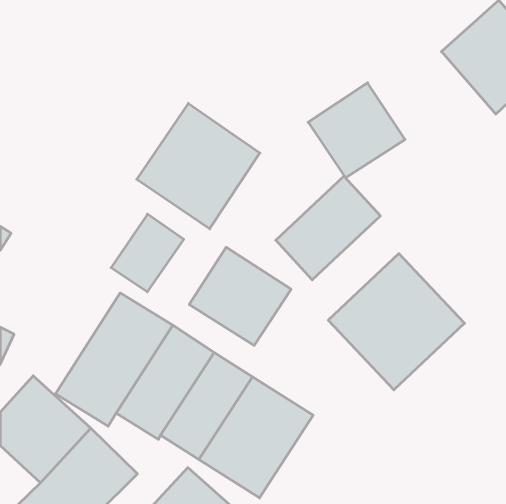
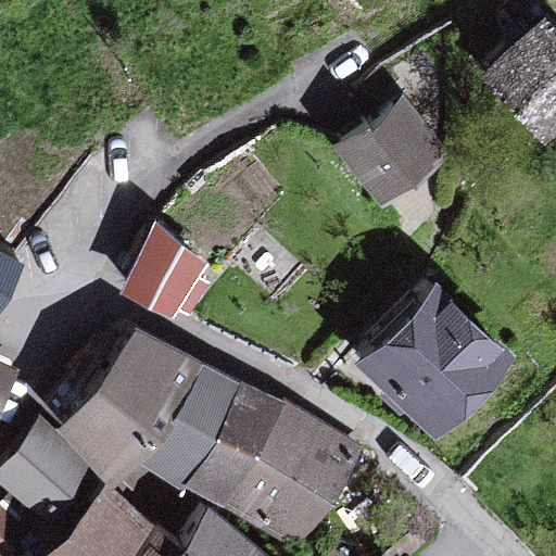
building: [137,103,260,229] -> none
building: [276,176,380,280] -> none
building: [189,247,291,345] -> none

